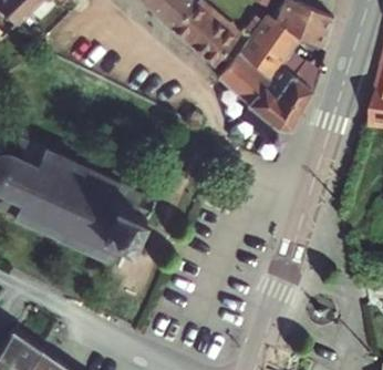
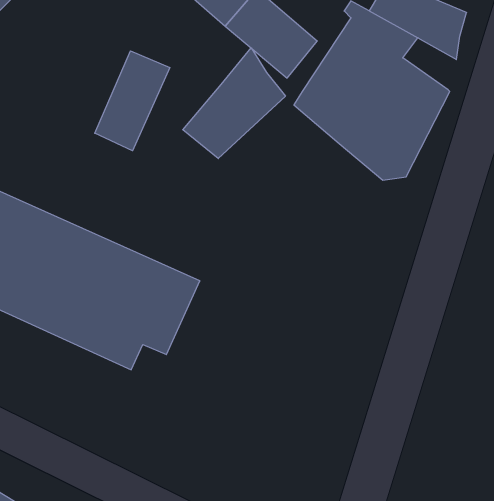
building: none -> [183,48,285,159]
building: none -> [95,51,170,151]

